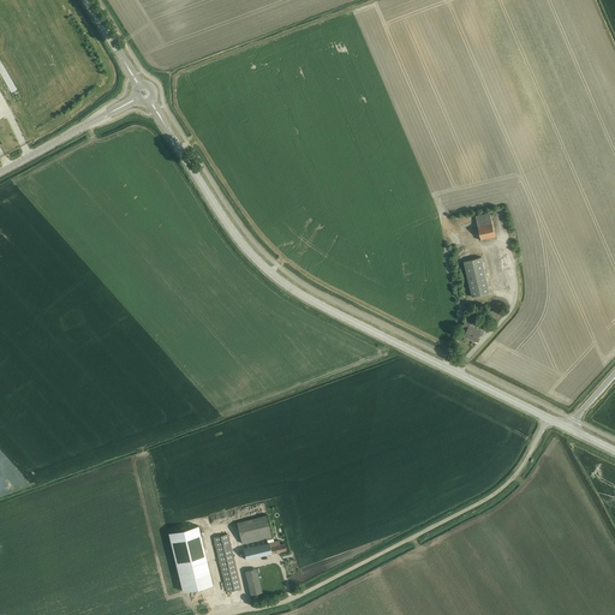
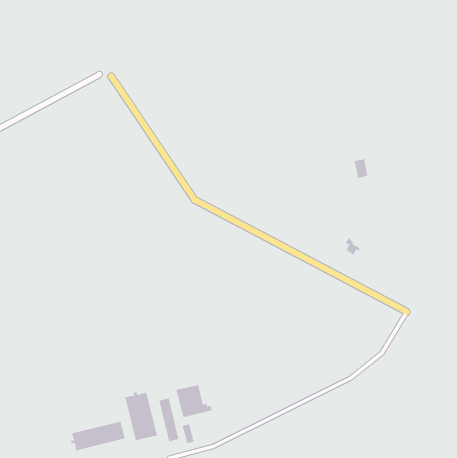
building: [462,257,489,297] -> none
building: none -> [70,421,125,451]

